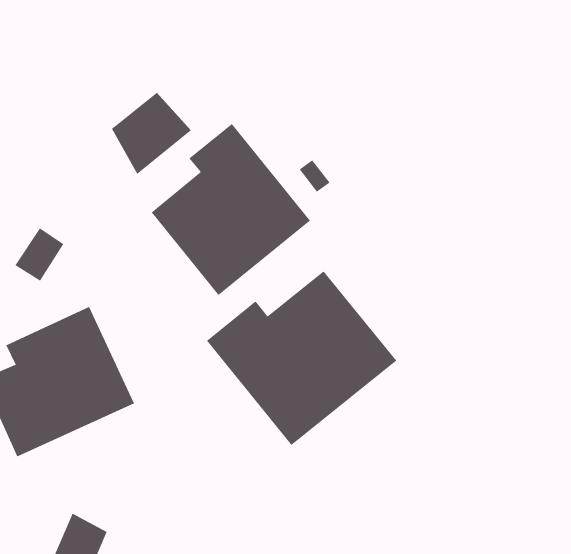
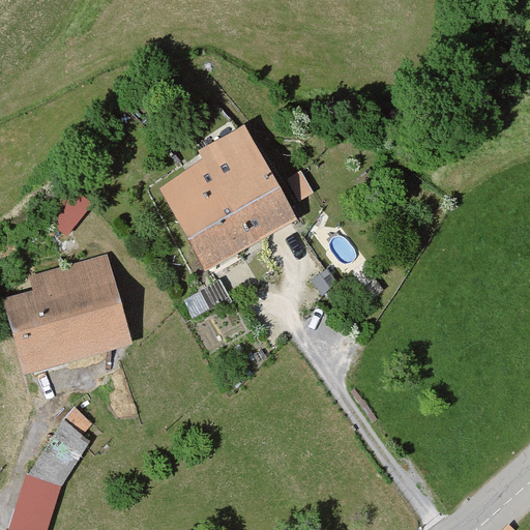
building: [111,92,192,175] -> none
building: [206,270,397,446] -> none

